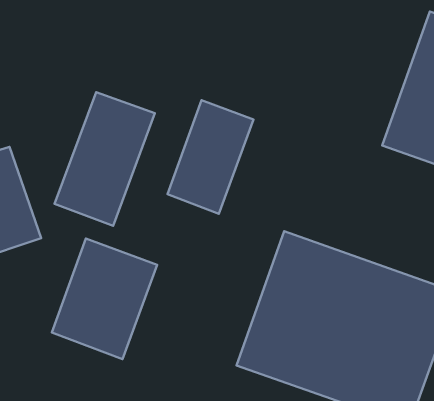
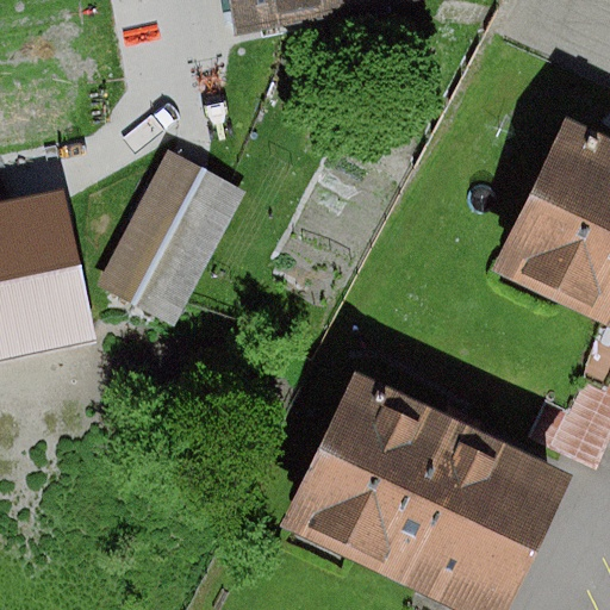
building: [167,100,254,214] -> none
building: [52,239,157,359] -> none

